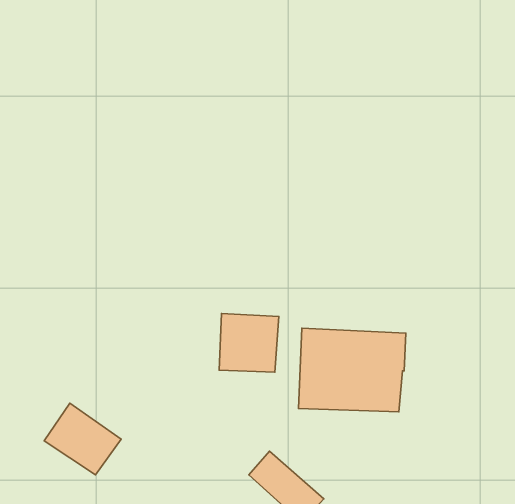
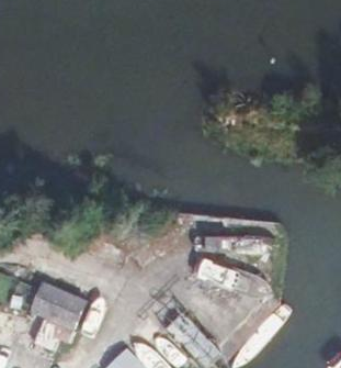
building: [219,314,279,372] -> none

